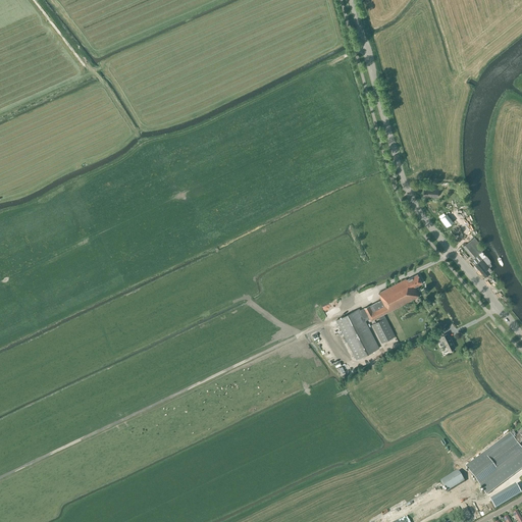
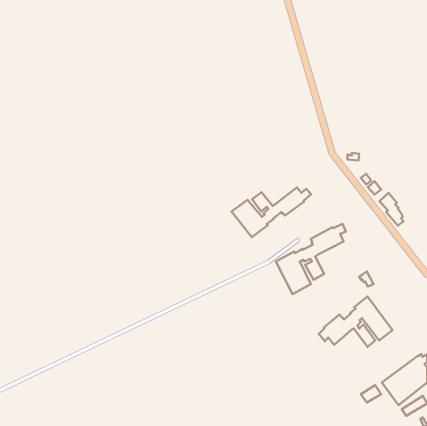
building: none -> [231,187,311,237]
building: none -> [319,297,392,347]

